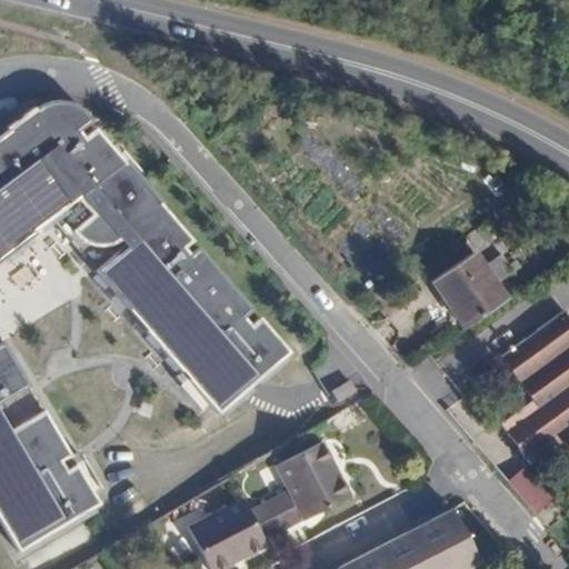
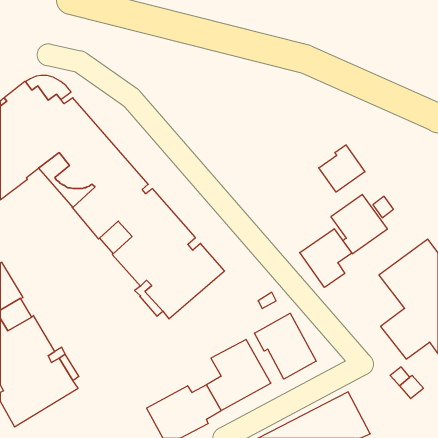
building: none -> [319,145,365,192]
building: none -> [300,229,352,287]
building: none -> [254,313,316,379]

